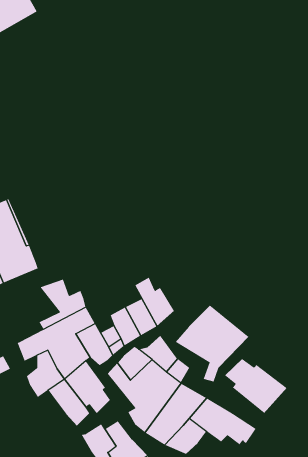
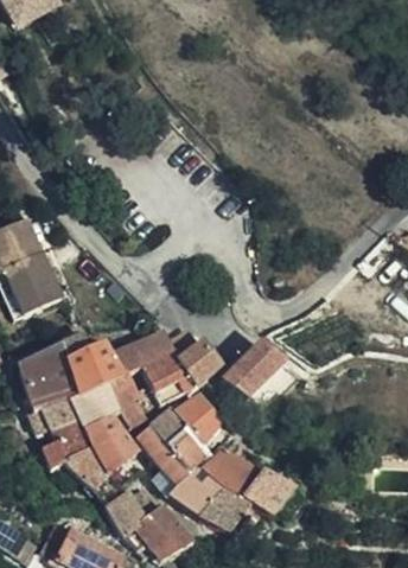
building: none -> [113,319,179,372]
building: none -> [24,331,84,394]
building: [224,358,287,414] -> none

